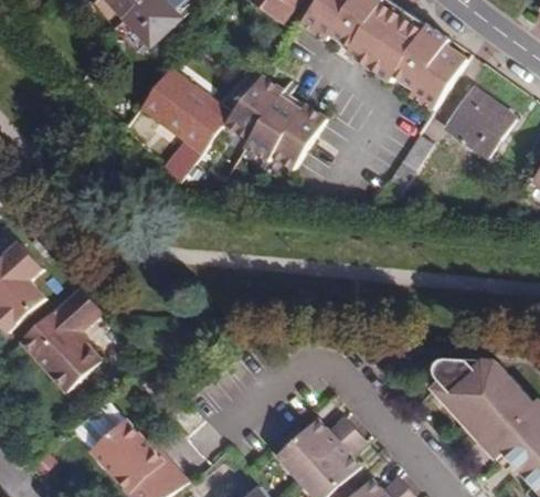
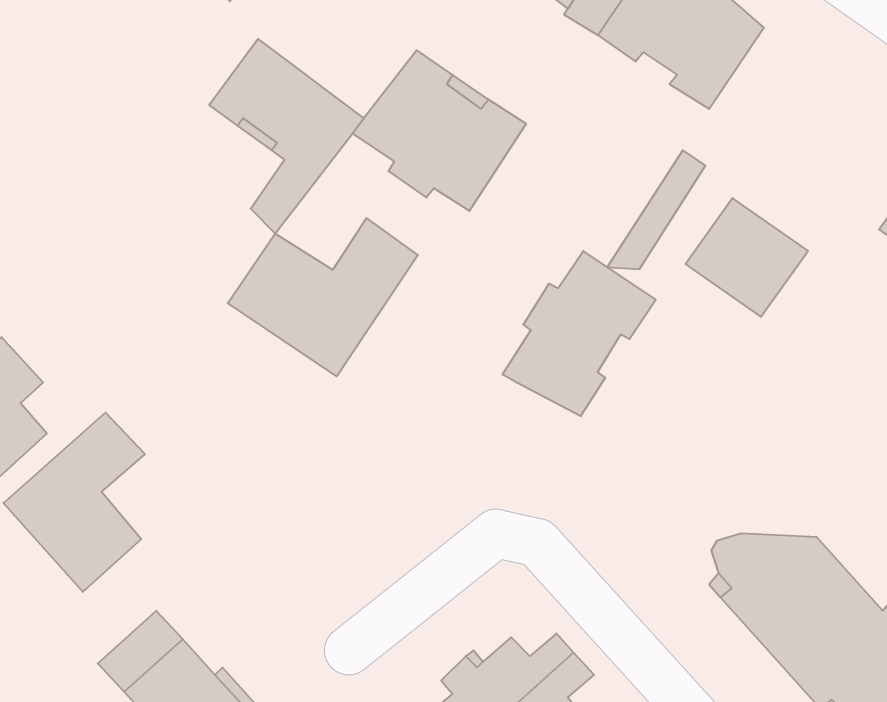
building: [443,87,515,157] -> [685,198,808,317]
building: none -> [228,218,418,376]
building: none -> [502,251,656,416]

